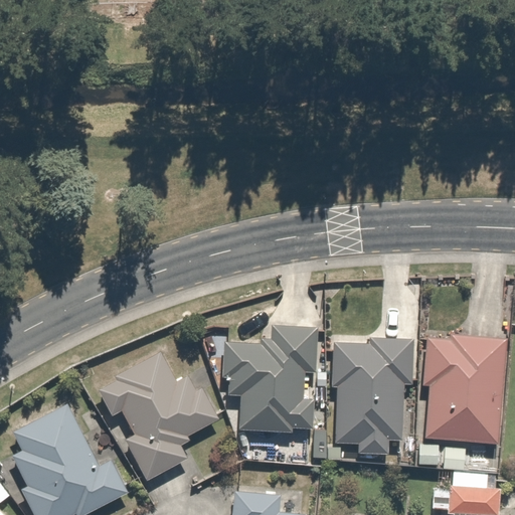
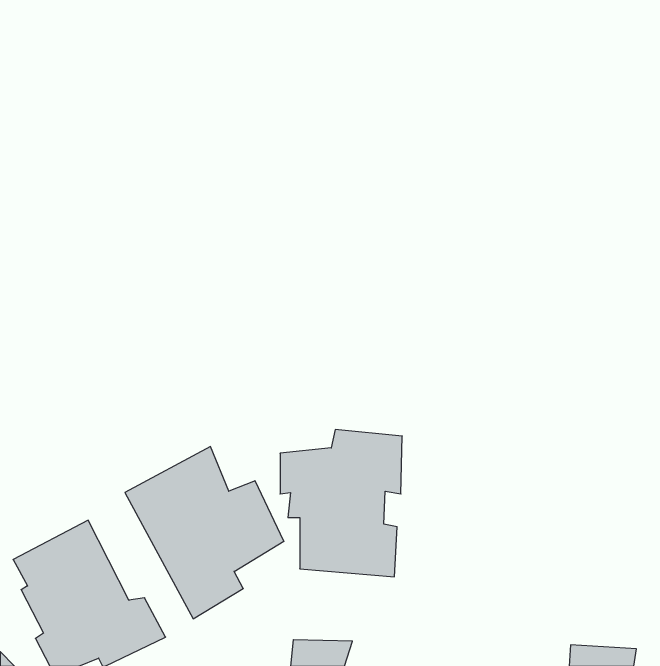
building: [418,337,503,451] -> none
building: [330,345,413,460] -> none

